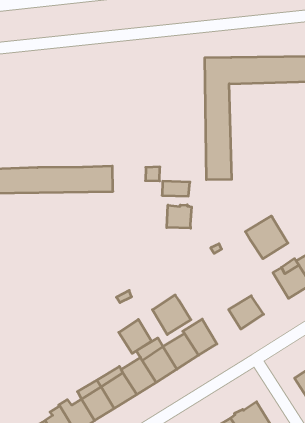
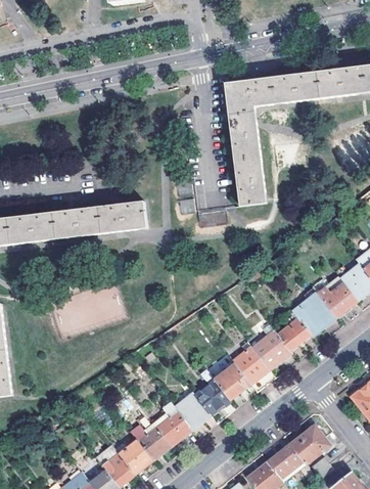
building: [167,205,192,228] -> none
building: [245,216,288,259] -> [291,292,335,336]
building: [152,295,191,335] -> [250,329,290,370]
building: [119,319,152,353] -> none

